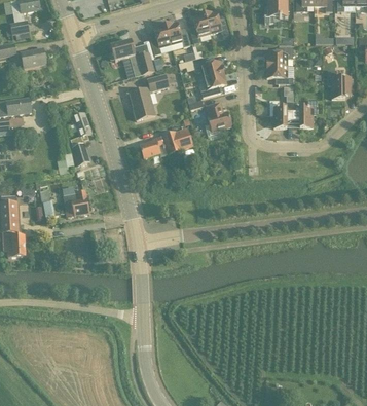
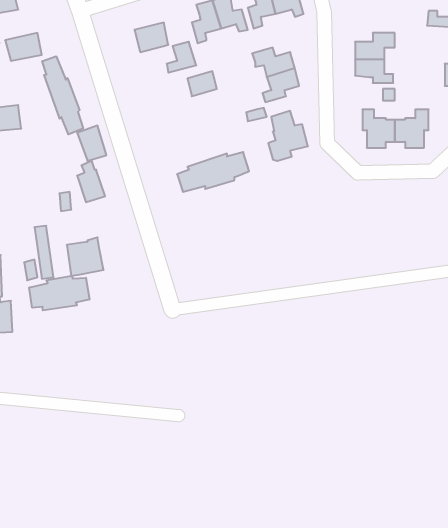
building: none -> [42,56,83,134]
building: [130,88,155,120] -> none
building: none -> [29,276,89,310]

